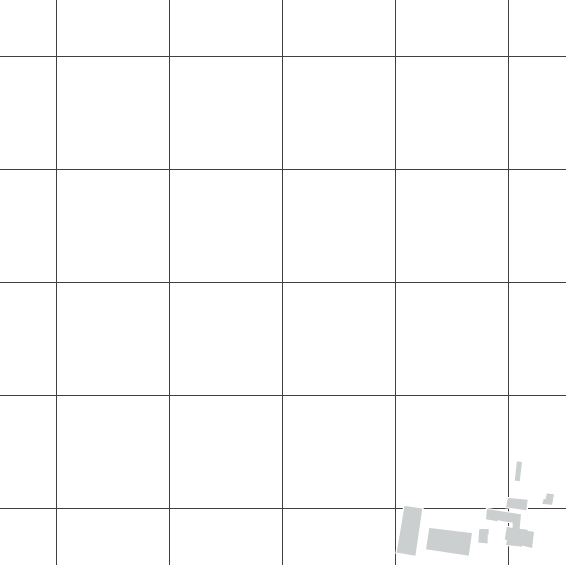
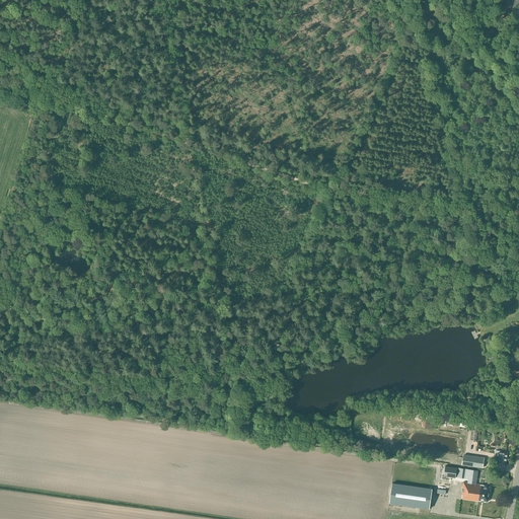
building: [396,505,423,556] -> none

